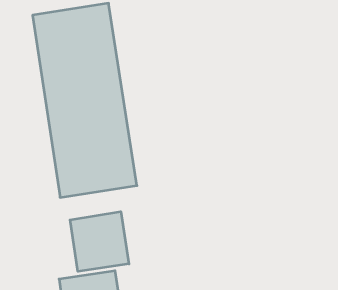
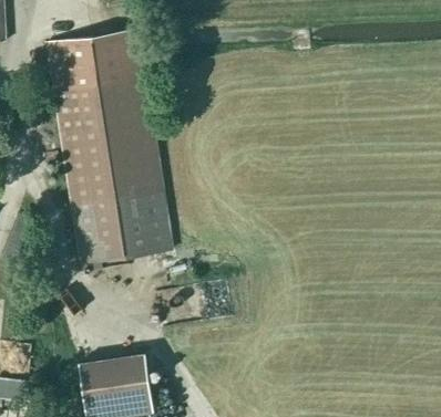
building: [70,212,129,271] -> none

